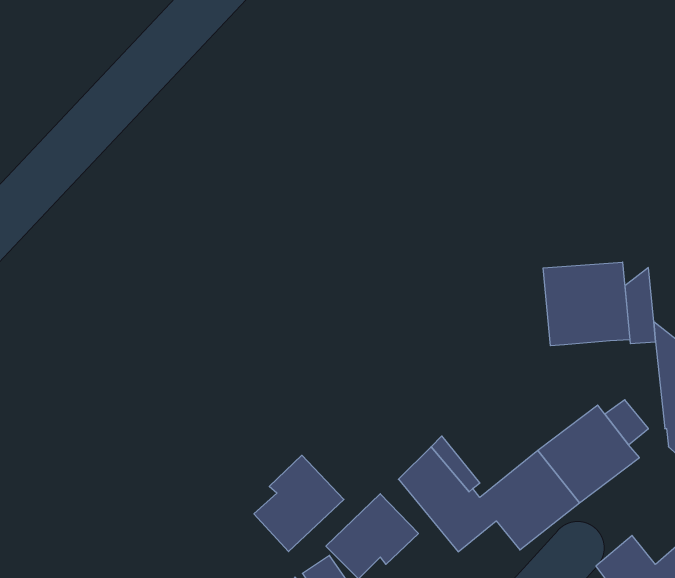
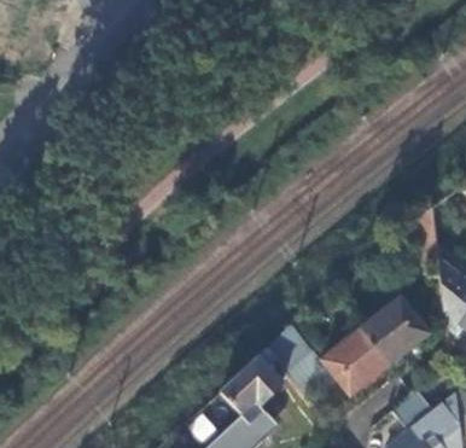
building: [543,262,630,346] -> none
building: [254,455,344,552] -> none

